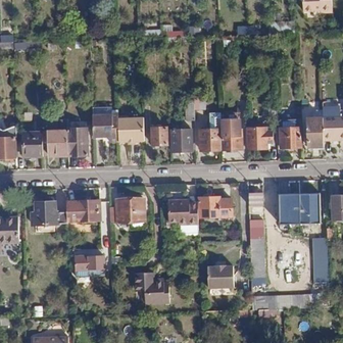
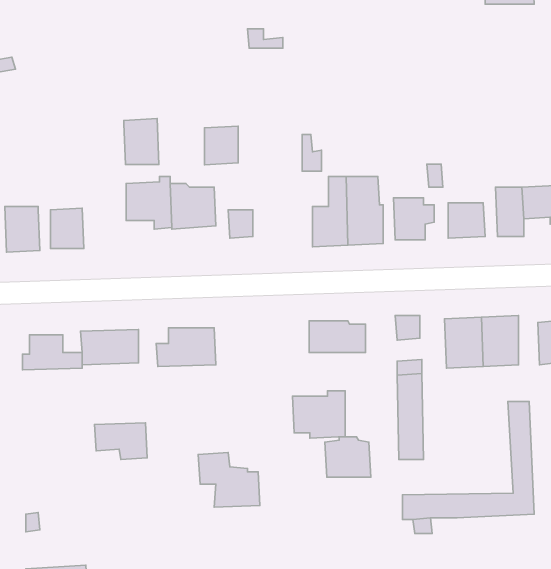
building: [66,127,87,153] -> [124,119,159,164]
building: [171,130,191,152] -> [205,126,238,165]
building: [167,195,198,223] -> [292,391,345,438]

